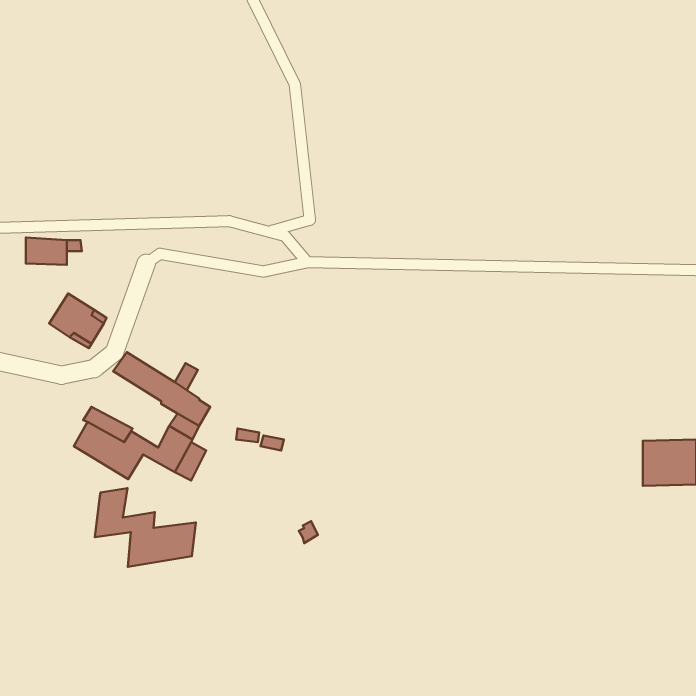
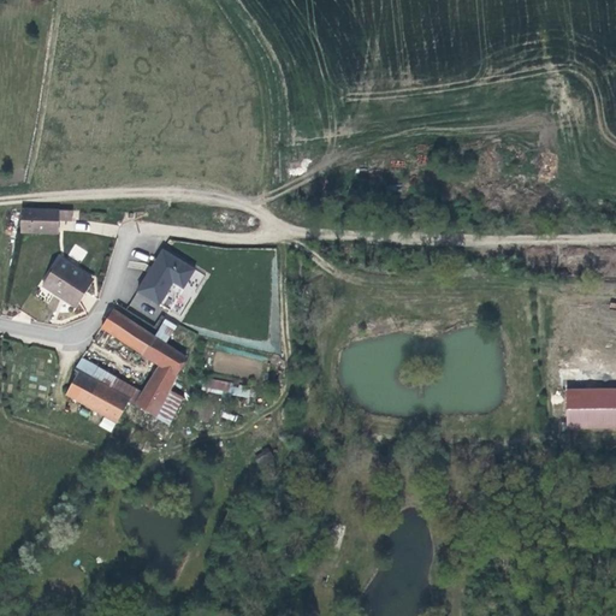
building: none -> [137,249,195,303]
building: [95,488,196,567] -> none

